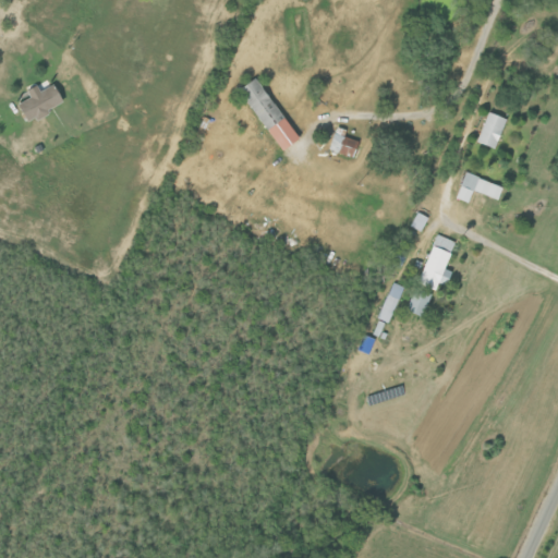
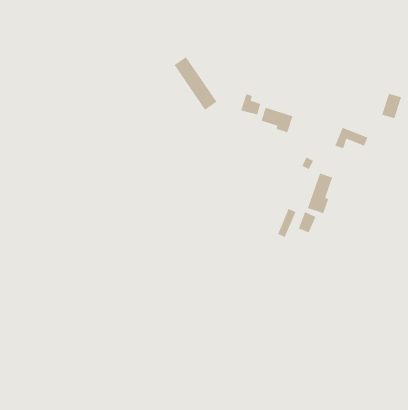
building: [17,84,63,122] -> none
building: [478,112,507,148] -> [381,93,402,119]
building: none -> [261,107,294,133]

